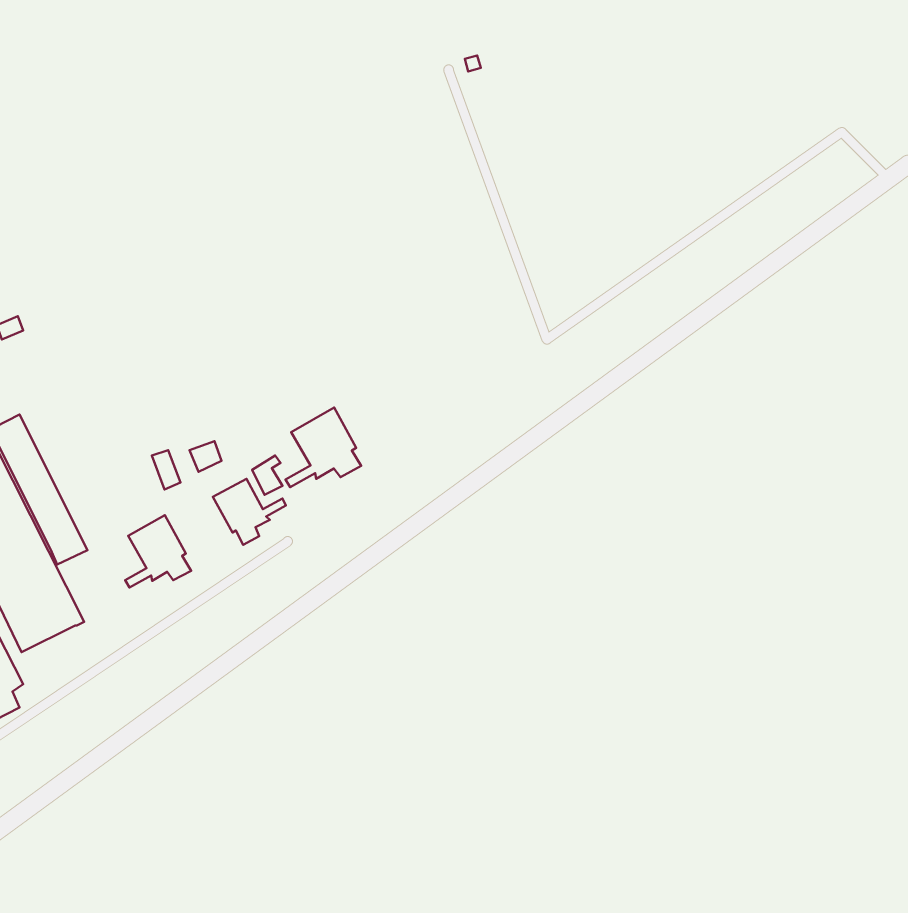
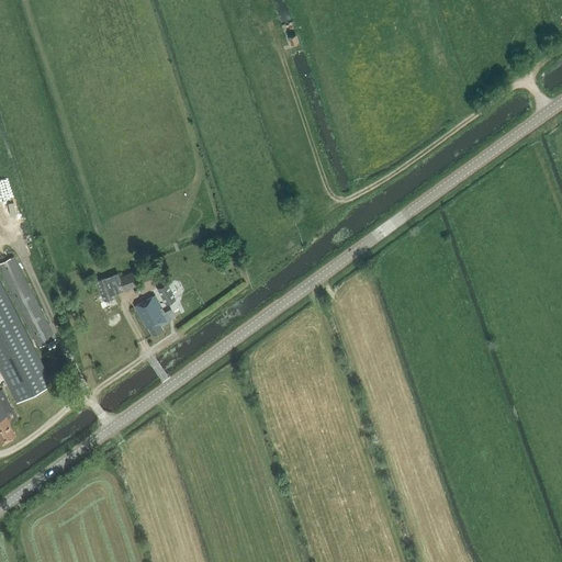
building: [285,408,361,487] -> none
building: [125,515,191,588] -> none

